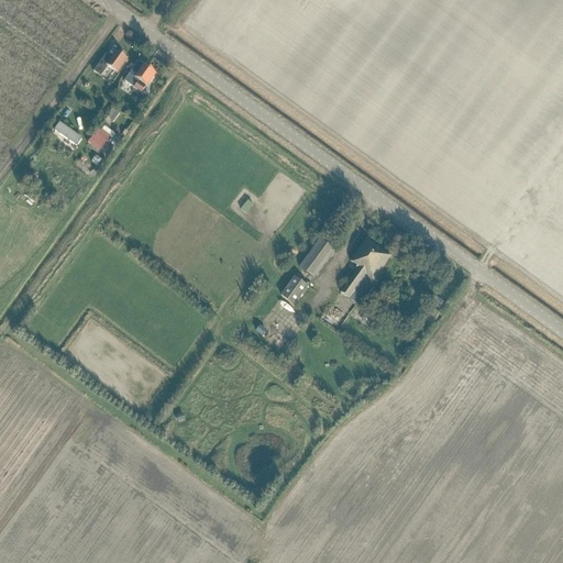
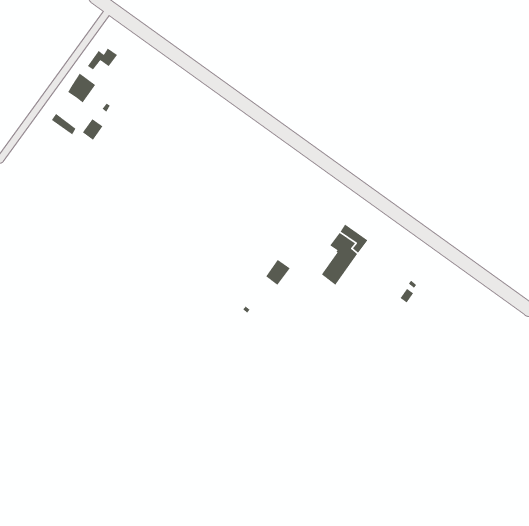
building: [123,59,154,92] -> [67,72,96,104]
building: [300,238,335,277] -> none

